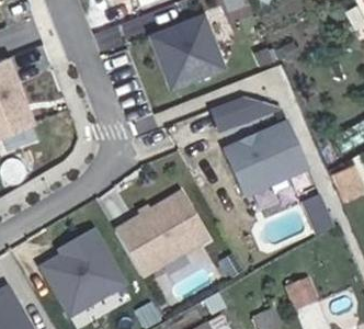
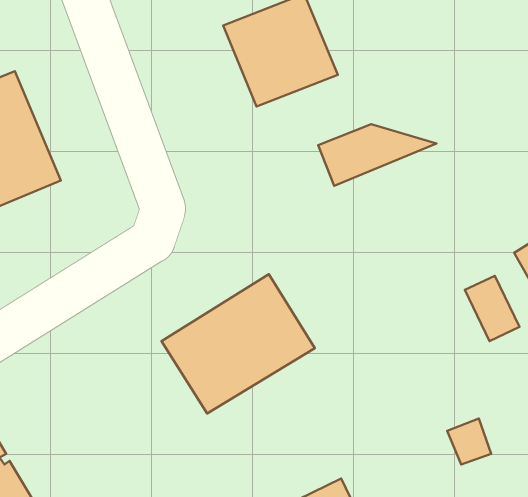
building: [221,120,305,192] -> none
building: [39,228,124,315] -> none

